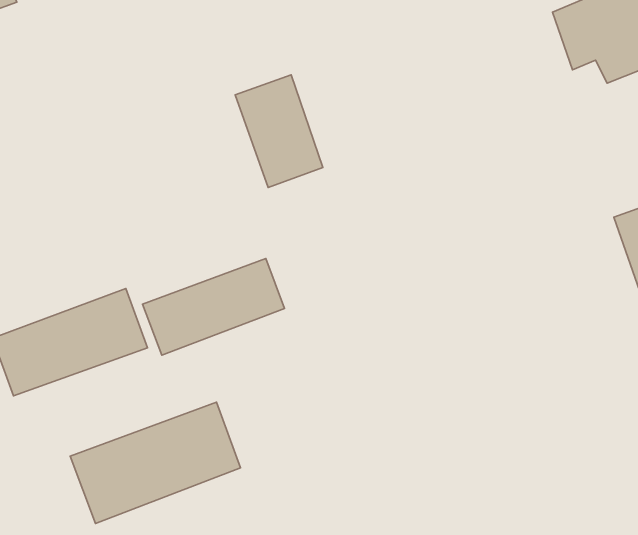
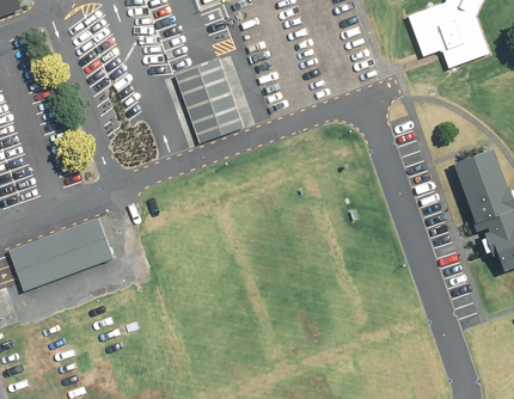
building: [143,258,284,355] -> none
building: [70,402,241,524] -> none

